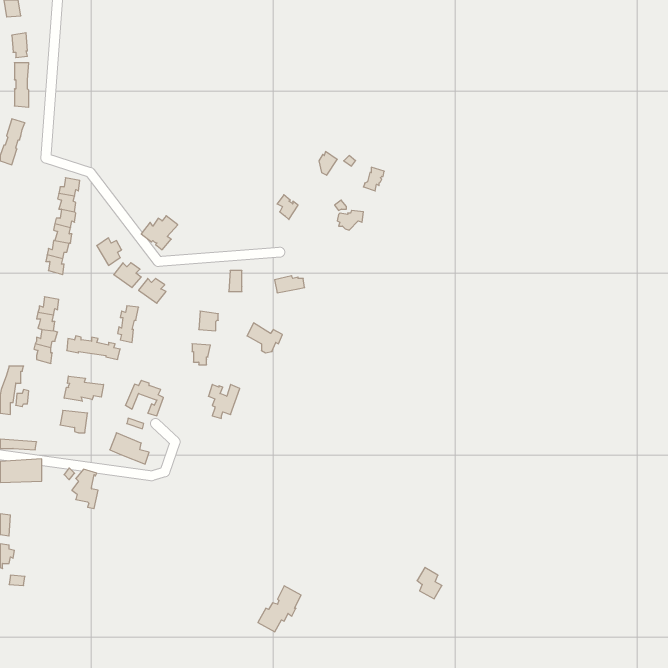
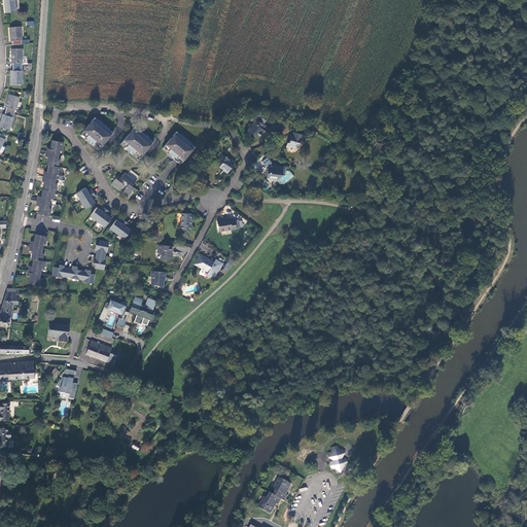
building: none -> [81,117,113,148]
building: none -> [121,127,153,159]
building: none -> [163,132,195,163]
building: [64,376,103,401] -> none
building: [208,384,240,418] -> [131,297,155,324]
building: [258,586,301,632] -> [257,478,291,514]

